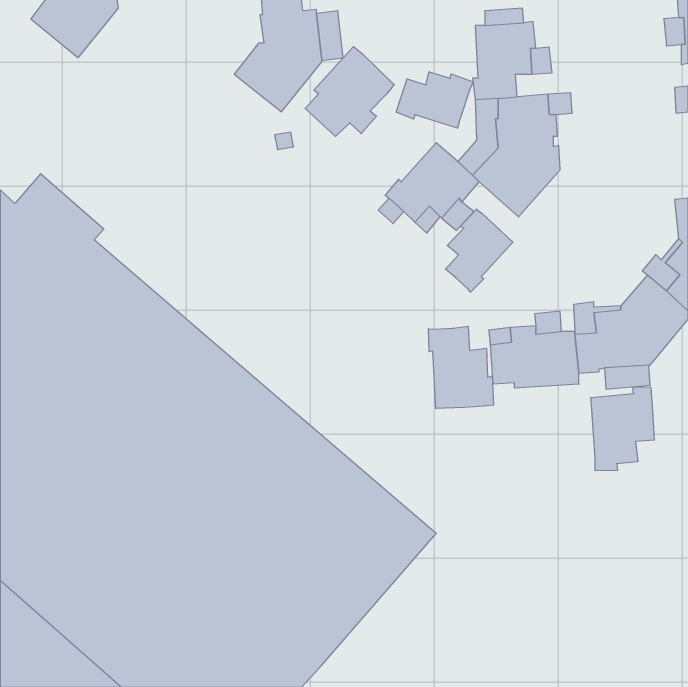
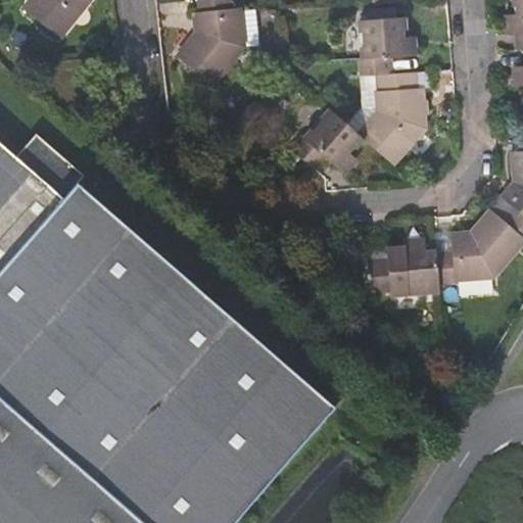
building: [305,47,394,136] -> none
building: [396,72,473,128] -> none
building: [445,209,513,292] -> none
building: [428,326,493,409] -> none
building: [591,387,654,471] -> none

